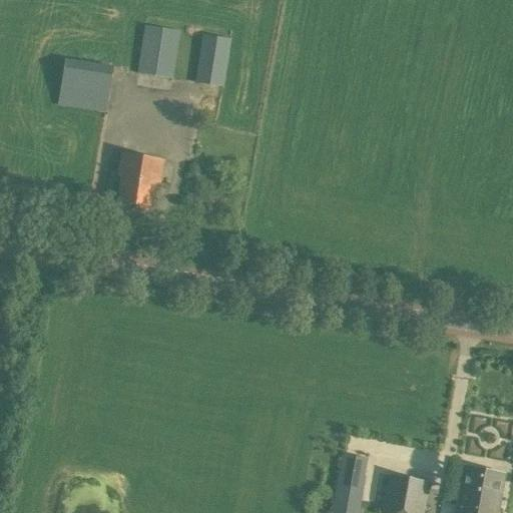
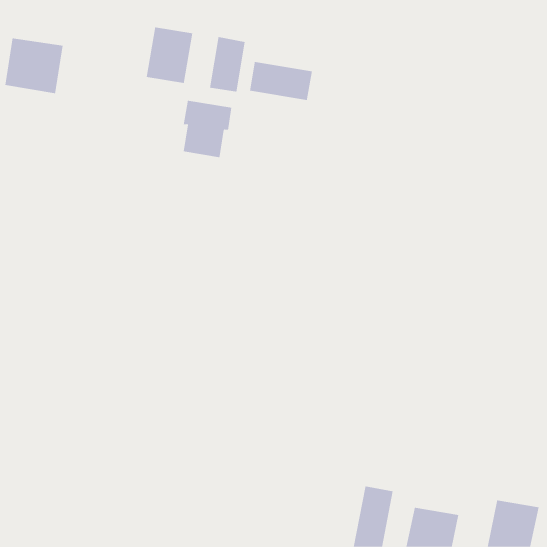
building: none -> [249,61,312,101]
building: [58,60,113,112] -> [4,38,63,94]
building: [117,153,163,207] -> [183,100,232,158]

